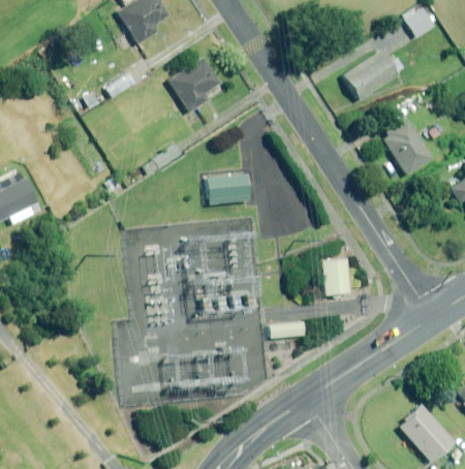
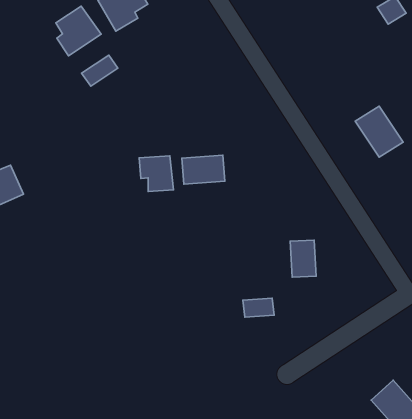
building: none -> [56,6,101,56]
building: [343,51,397,99] -> none
building: [168,58,220,113] -> none
building: none -> [139,156,174,191]

